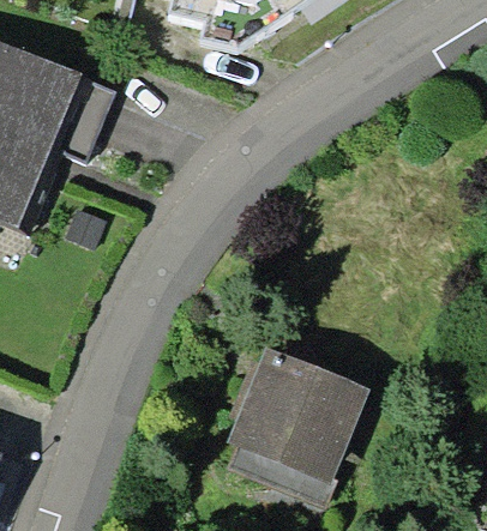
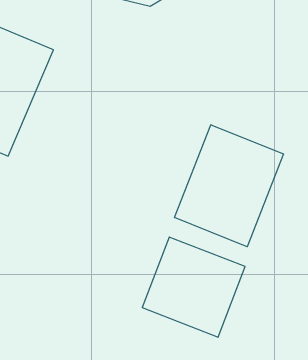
building: none -> [175,125,284,247]

